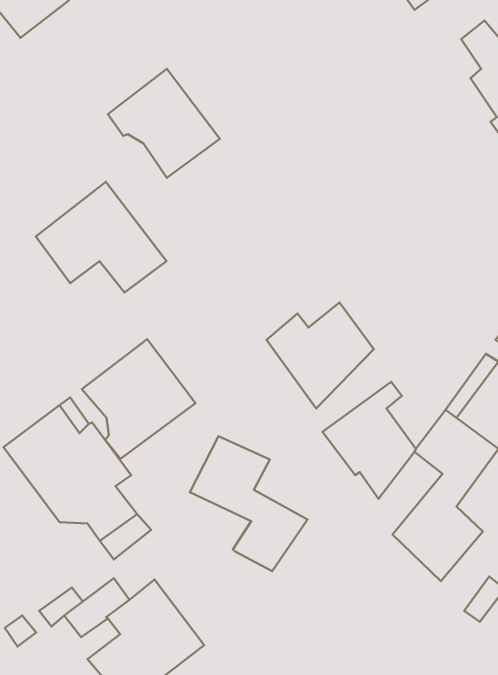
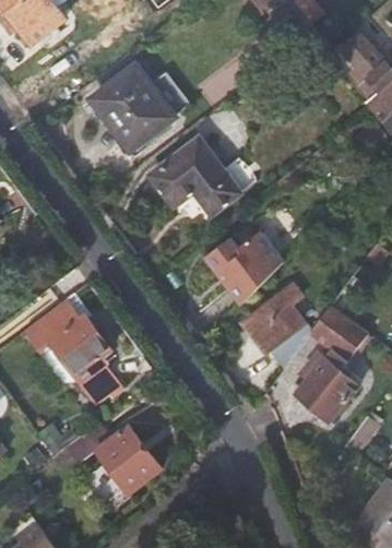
building: [36,182,167,292] -> [150,136,241,214]
building: [82,339,195,459] -> none
building: [190,436,307,571] -> none

